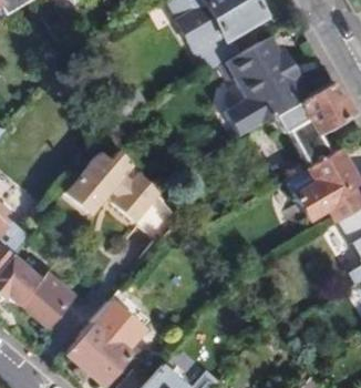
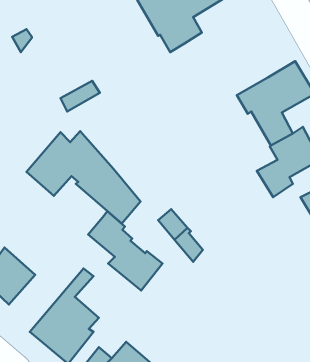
building: [223,34,307,134] -> none
building: none -> [88,211,162,290]

